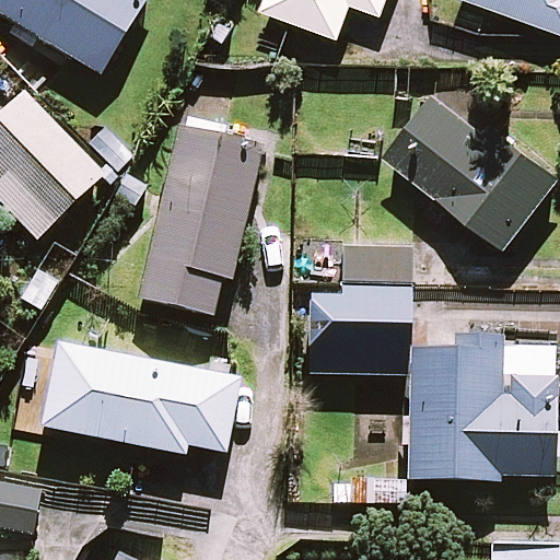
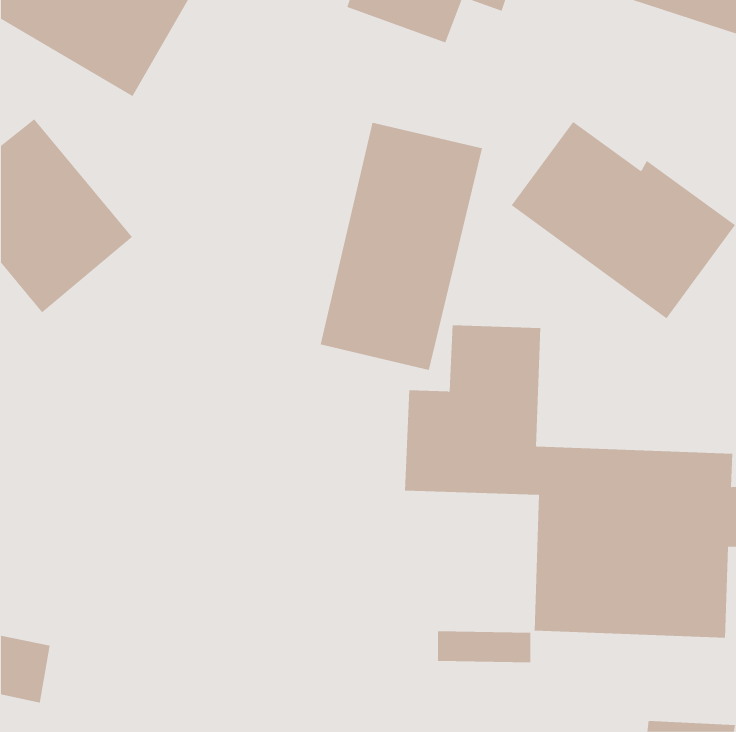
building: [138,129,261,317] -> [320,122,483,370]
building: [42,345,236,459] -> none

